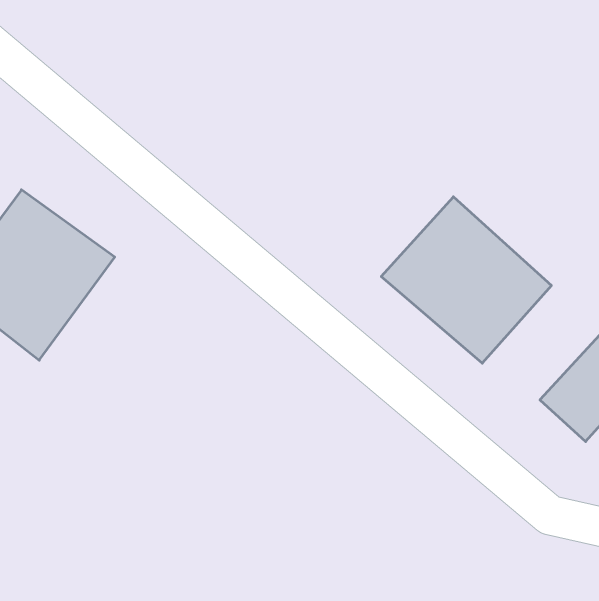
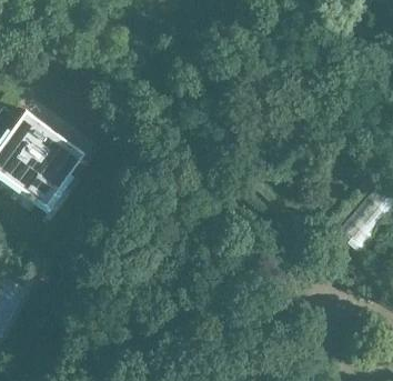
building: [381,197,551,363] -> none

